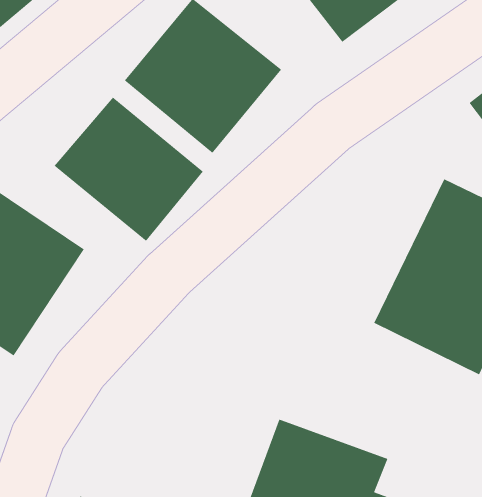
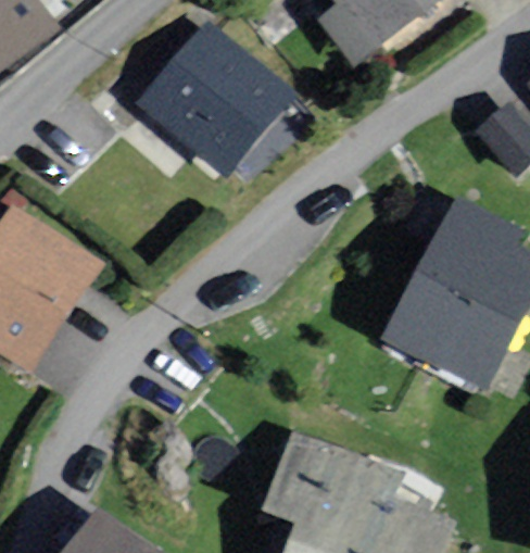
building: [54,97,204,242] -> none

